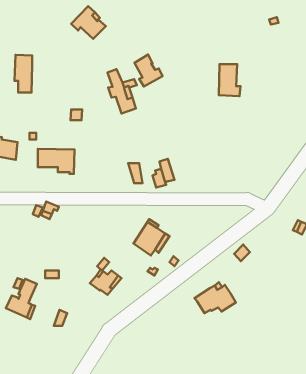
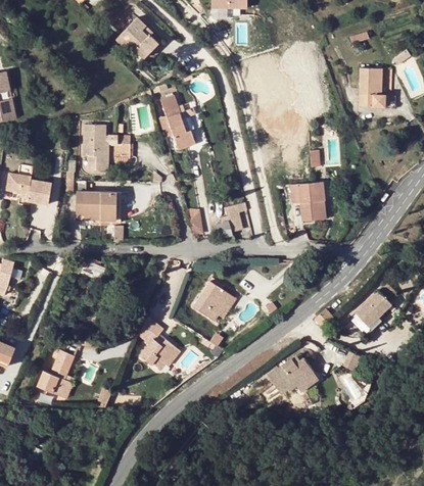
building: [135,55,163,87] -> none
building: [15,55,32,92] -> [84,125,105,171]
building: [219,64,240,96] -> [359,68,385,107]
building: none -> [291,182,324,221]
building: none -> [357,290,392,327]

